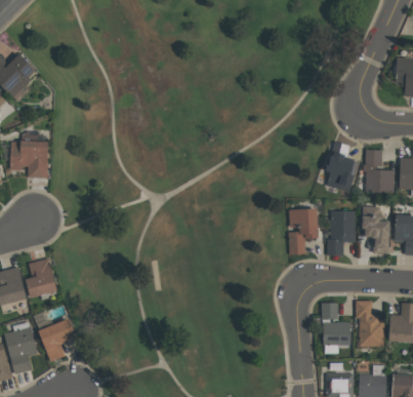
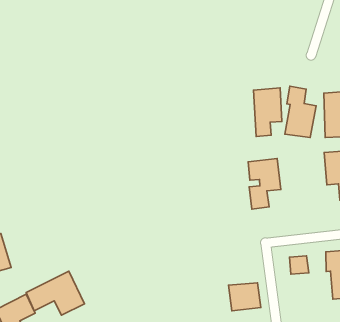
building: [329,210,356,254] -> [253,88,282,136]
building: none -> [26,271,85,315]
building: [322,321,350,346] -> [229,283,261,311]

